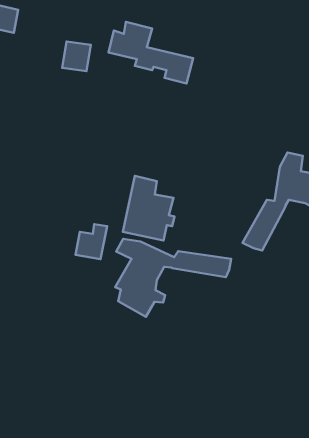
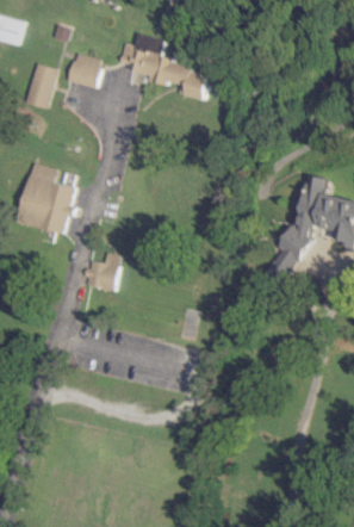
building: none -> [23,62,55,109]
building: [123,176,174,241] -> [17,162,73,232]
building: [115,239,231,317] -> none

